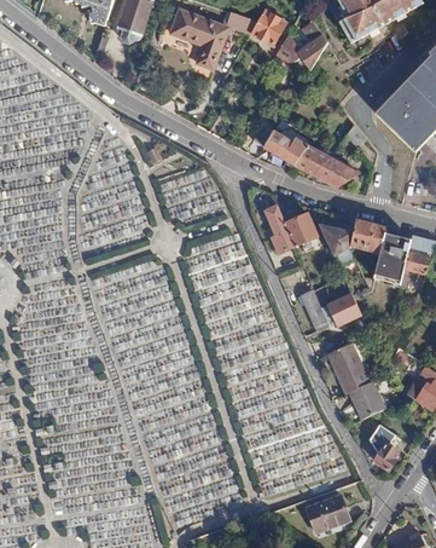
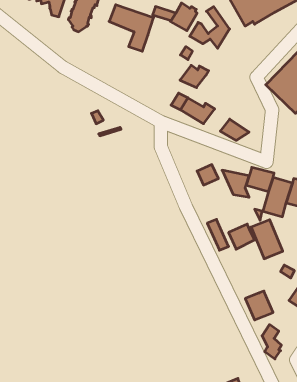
building: [295,144,332,173] -> [180,65,209,88]
building: [266,203,295,252] -> none
building: [326,342,367,393] -> [251,220,283,259]

